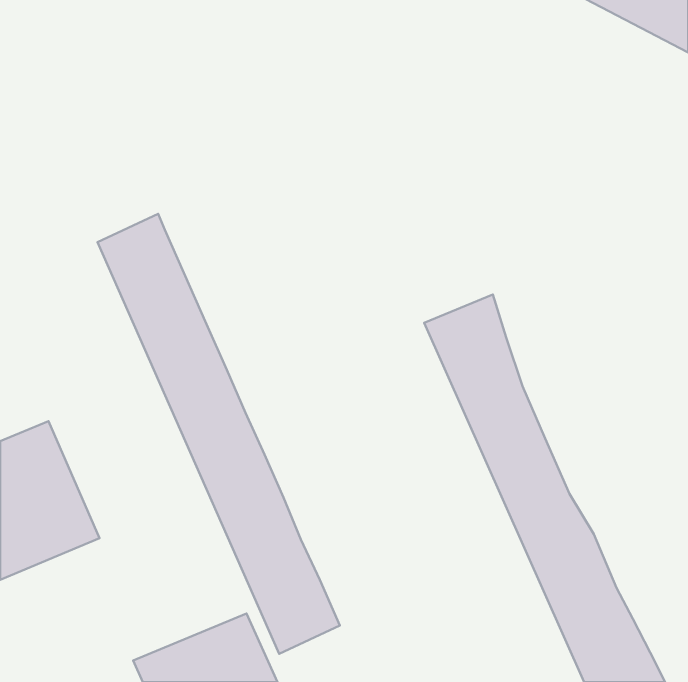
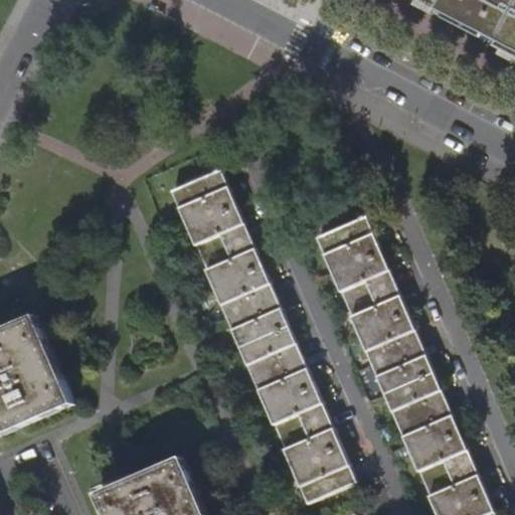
building: [98,214,340,654] -> [173,174,354,503]

